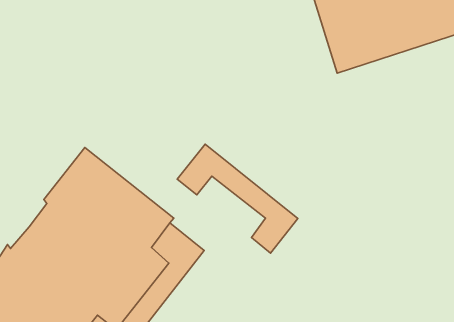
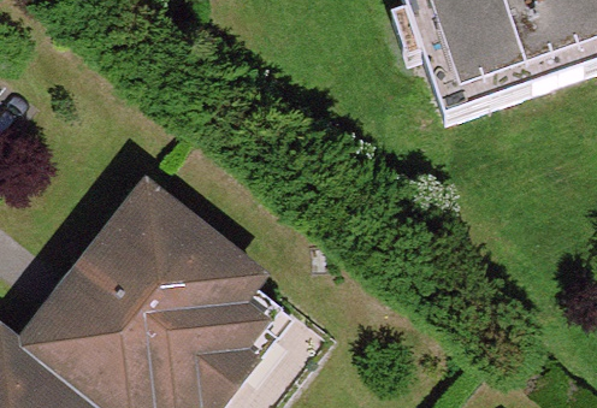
building: [177,144,298,253] -> none

